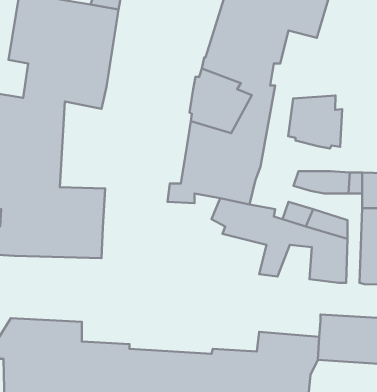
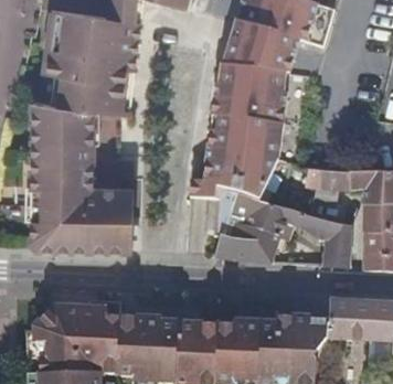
building: [288,96,342,149] -> none
building: none -> [212,190,277,263]

